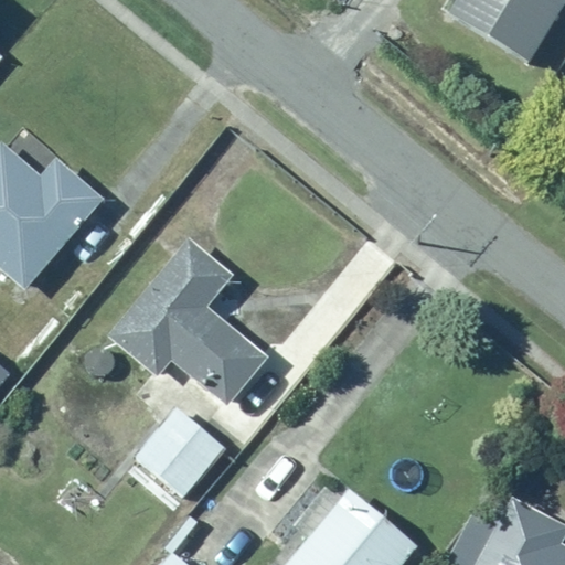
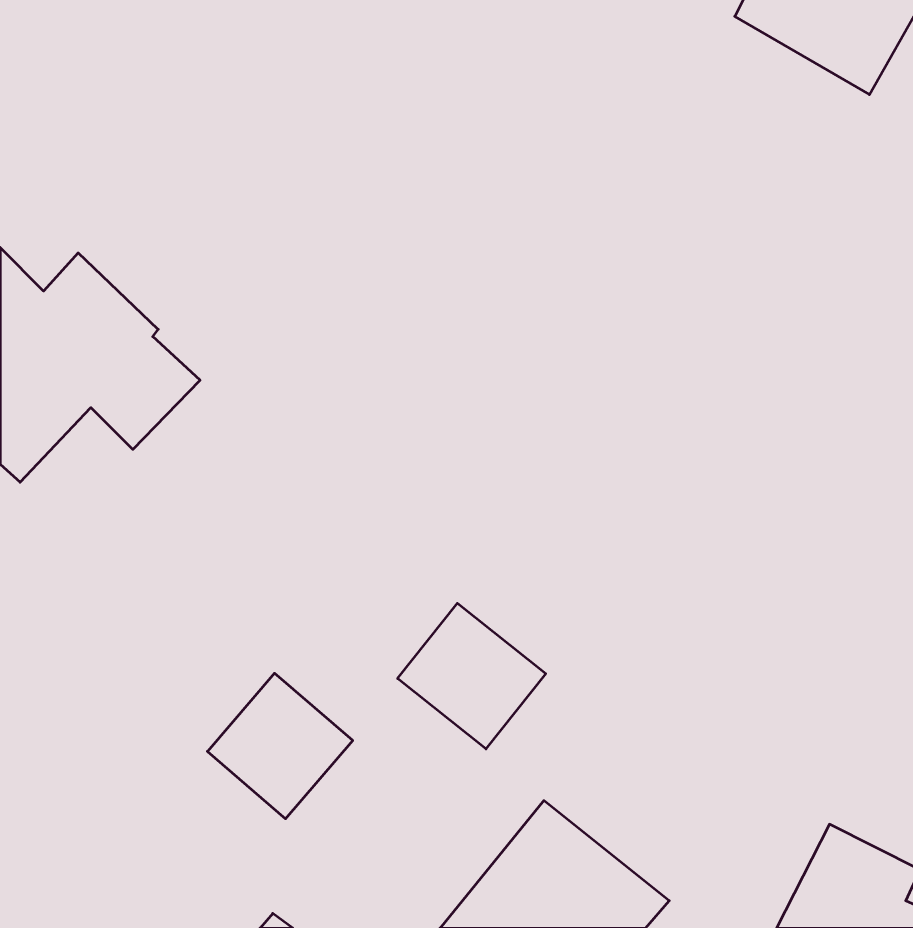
building: [102,236,264,406] -> none
building: none -> [398,603,546,749]

